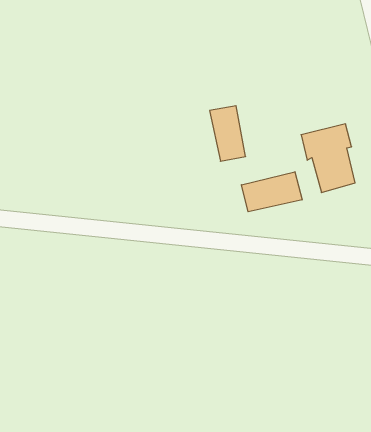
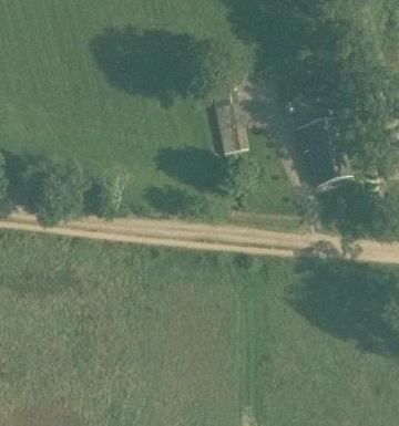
building: [241,172,302,212] -> none

